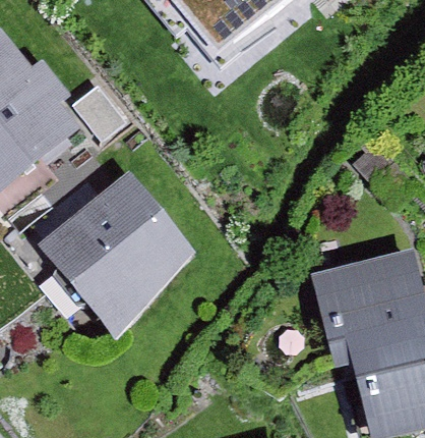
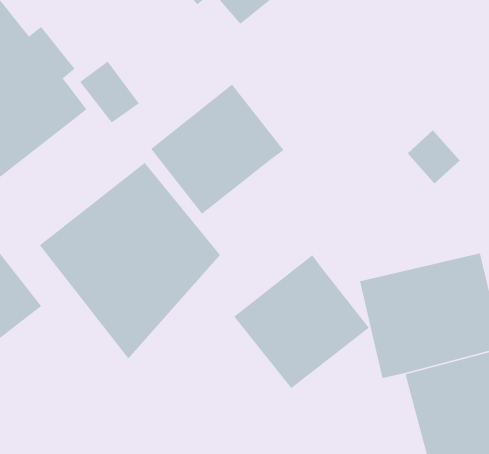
building: none -> [150,84,284,215]
building: none -> [233,254,370,389]

